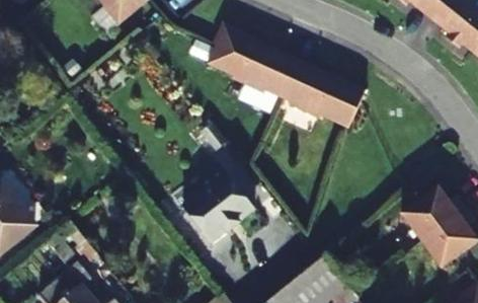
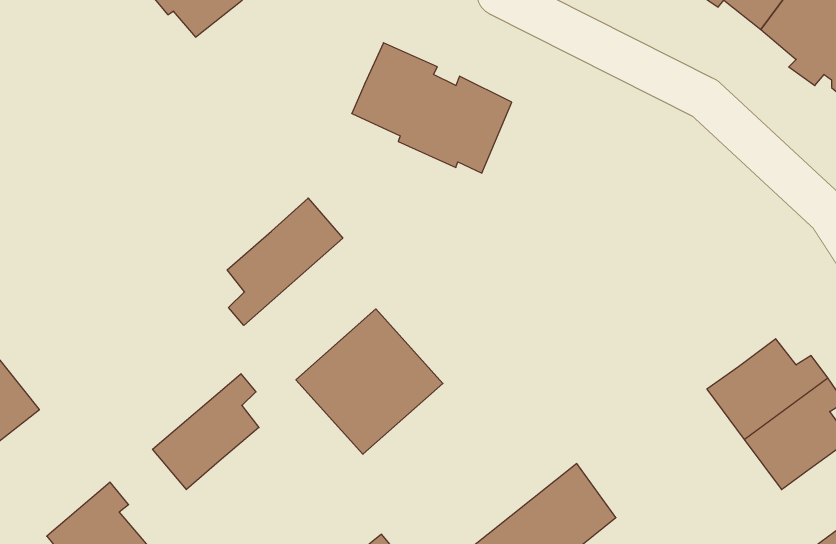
building: [276,58,366,129] -> none
building: none -> [227,198,343,325]
building: none -> [153,374,259,490]

